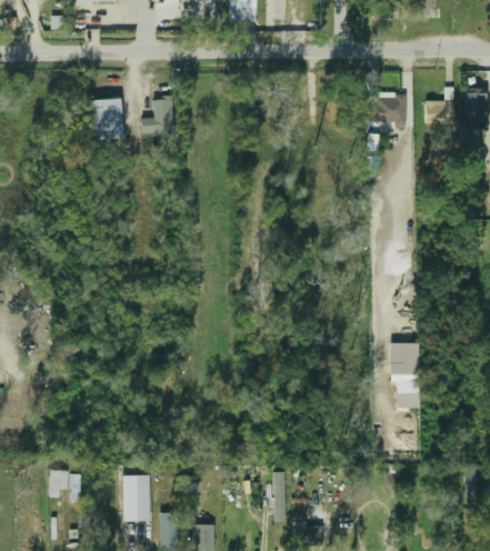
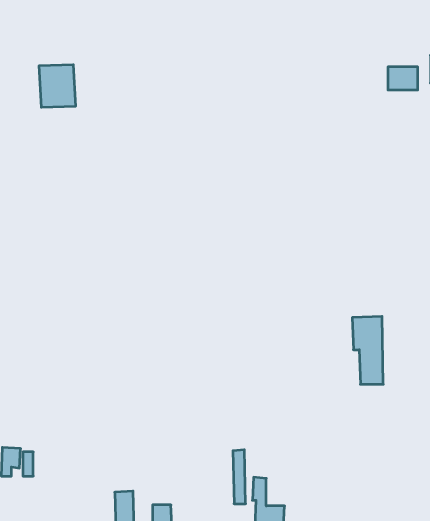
building: [140,97,172,137] -> none
building: [369,98,403,121] -> none
building: [122,474,149,521] -> none

